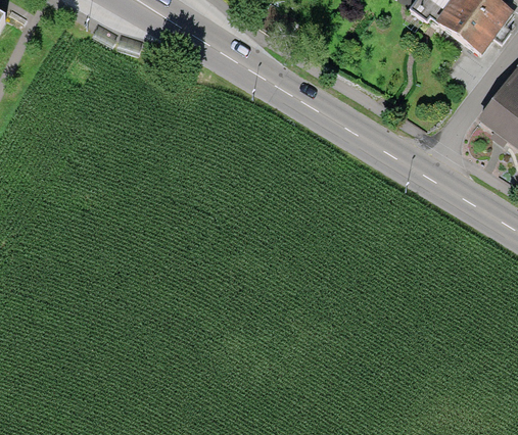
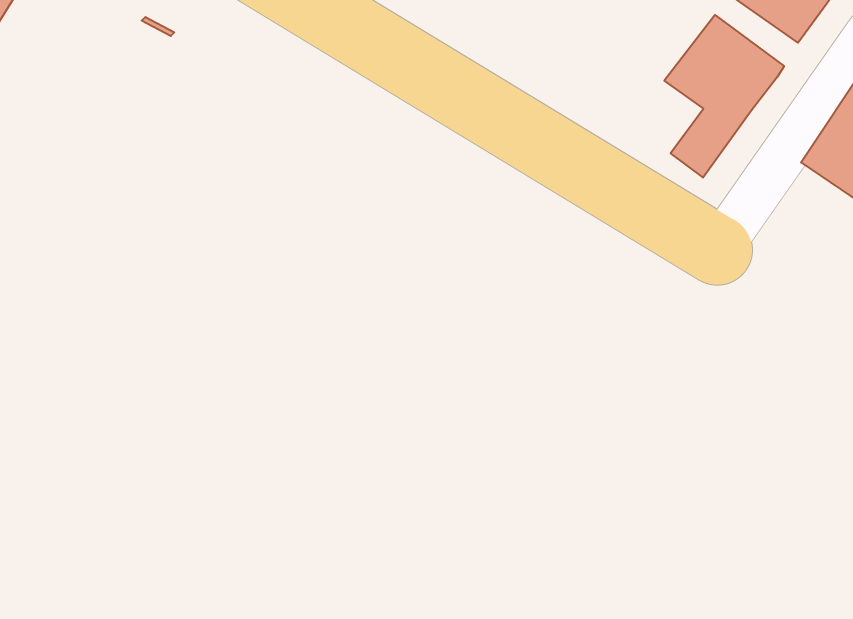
building: none -> [664,15,784,178]

